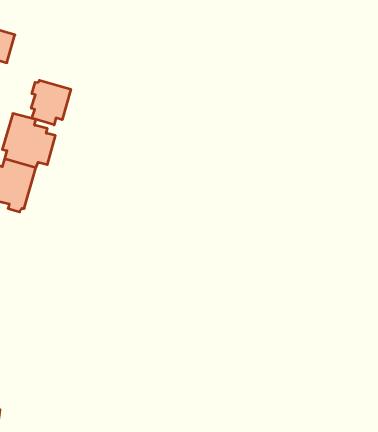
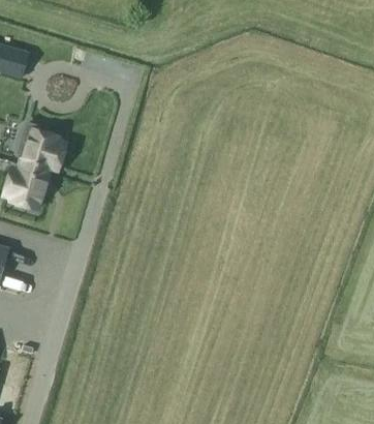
building: [31,80,71,125] -> none

